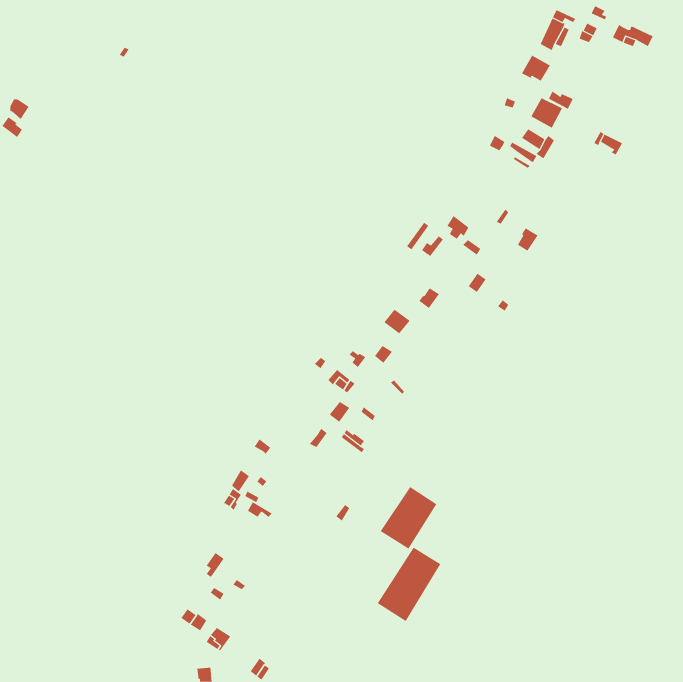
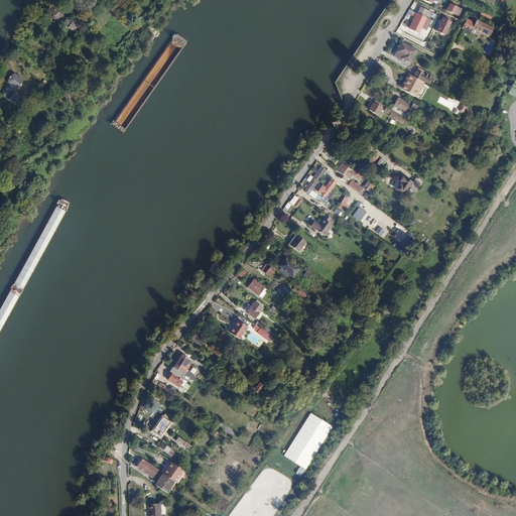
building: [380,486,437,550] -> none

